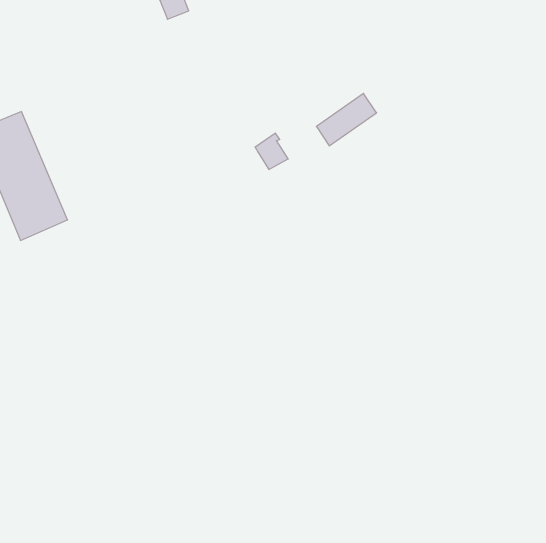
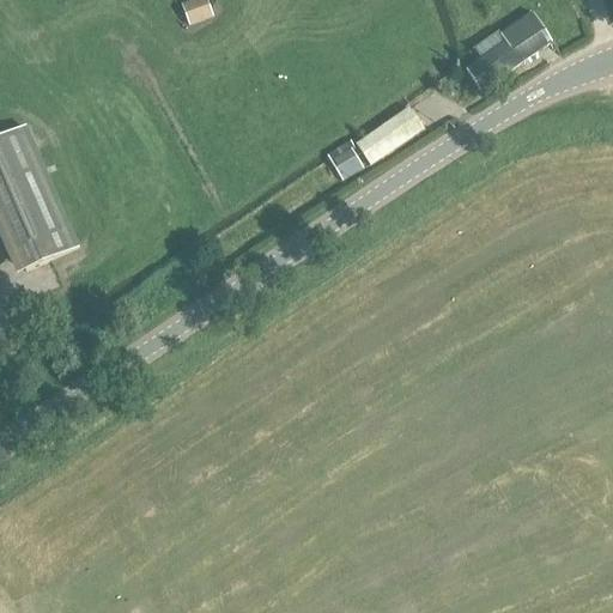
building: none -> [463,7,550,87]
building: [255,133,288,170] -> [324,138,362,178]

